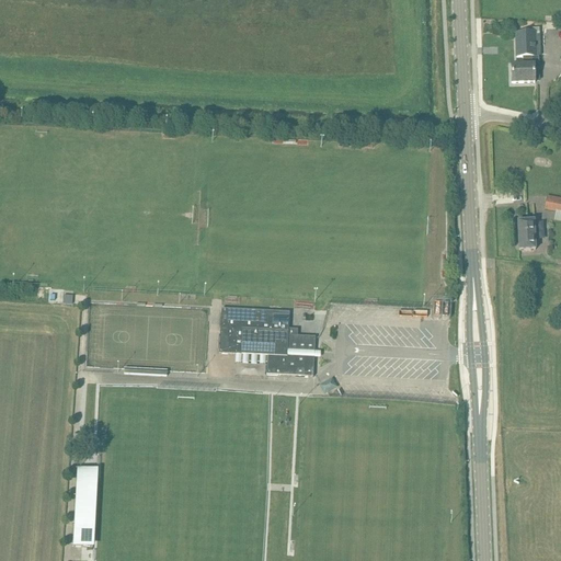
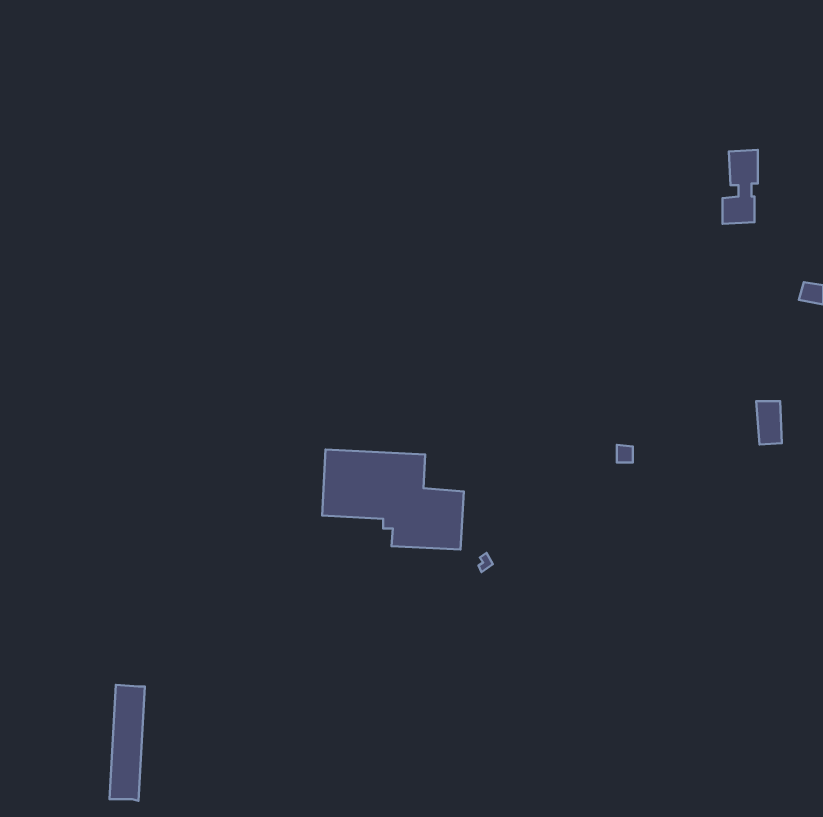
building: [512,30,536,80] -> [722,150,758,224]
building: [517,218,535,248] -> [756,401,782,445]

